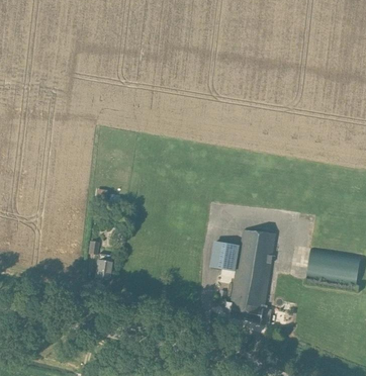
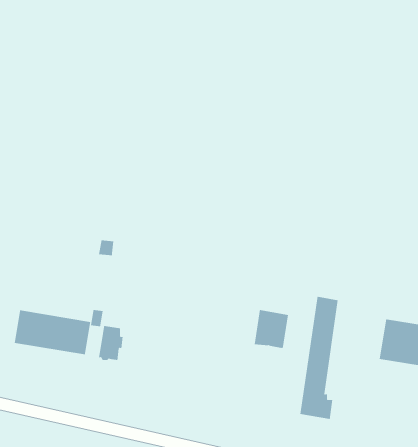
building: [224,228,259,319] -> none
building: none -> [14,310,91,355]

